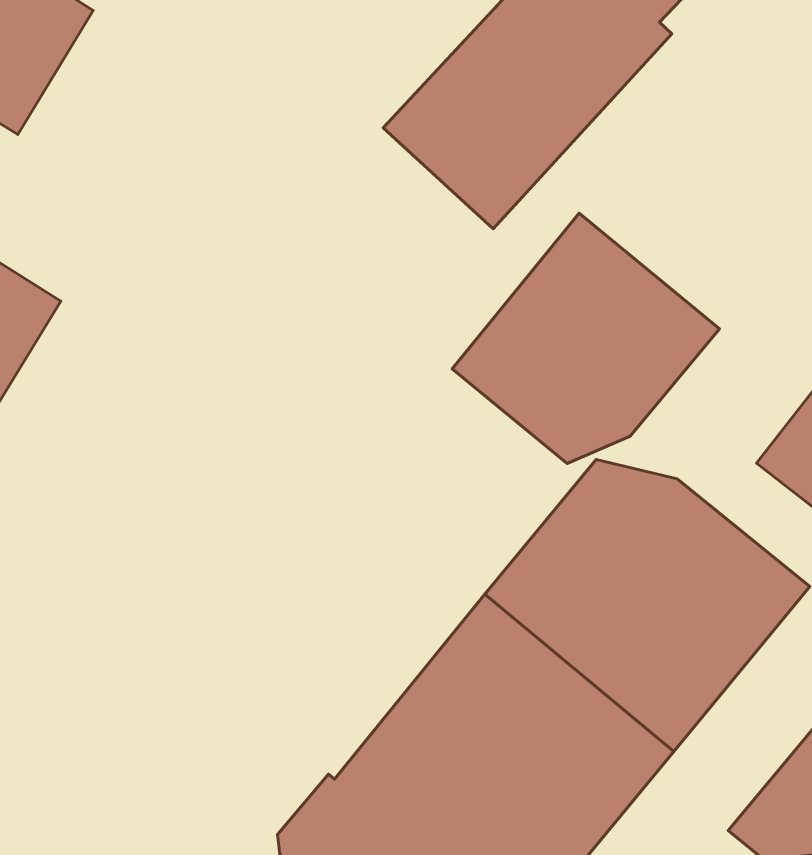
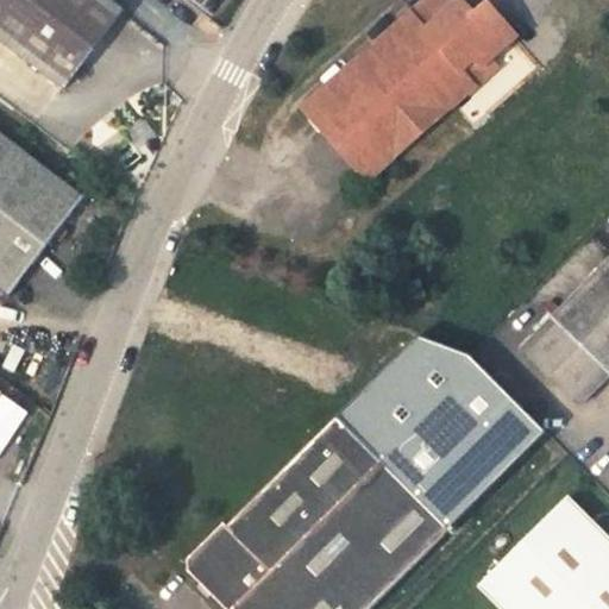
building: [452,213,720,463] -> none

